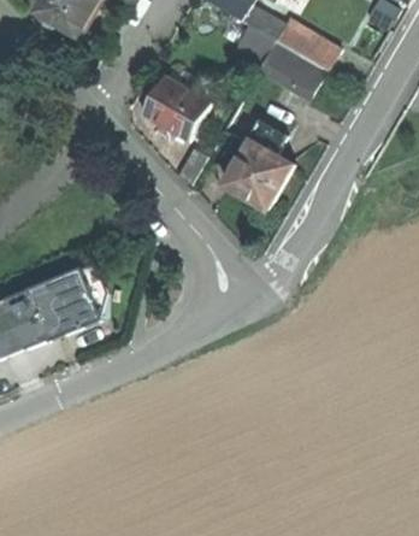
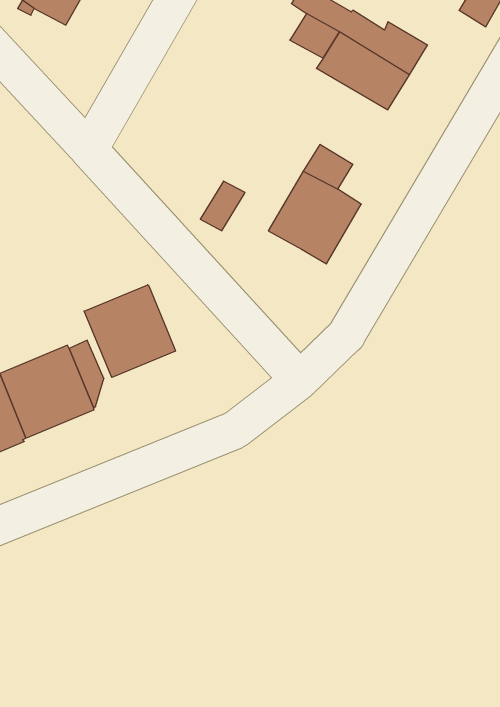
building: [141,72,208,140] -> none
building: none -> [84,285,175,377]

